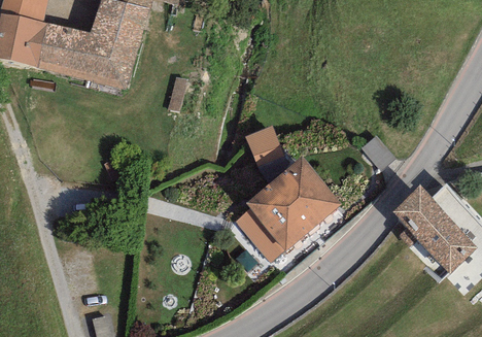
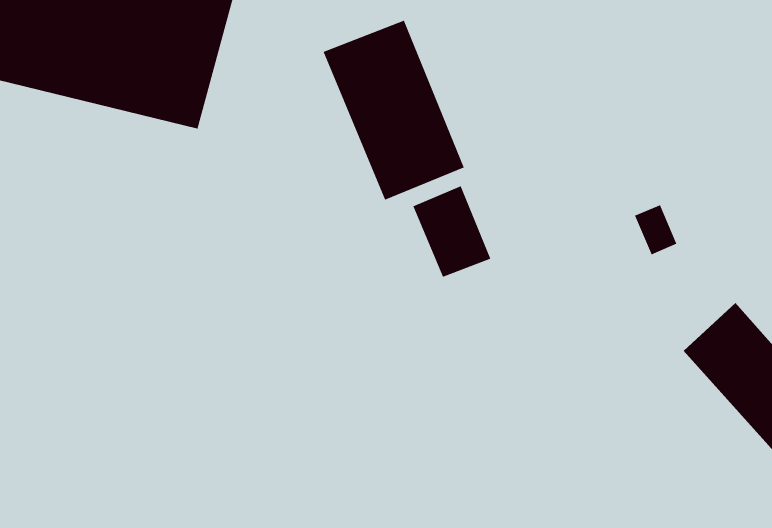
building: none -> [323,20,464,201]
building: [234,158,341,258] -> none

